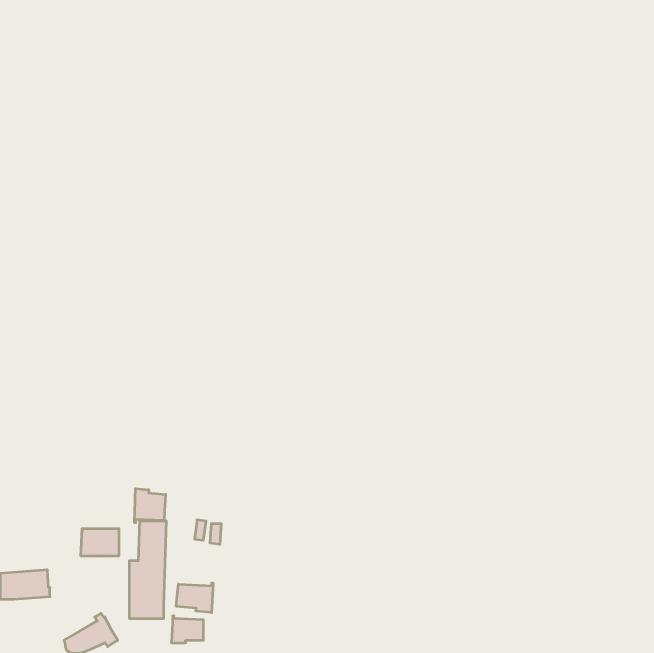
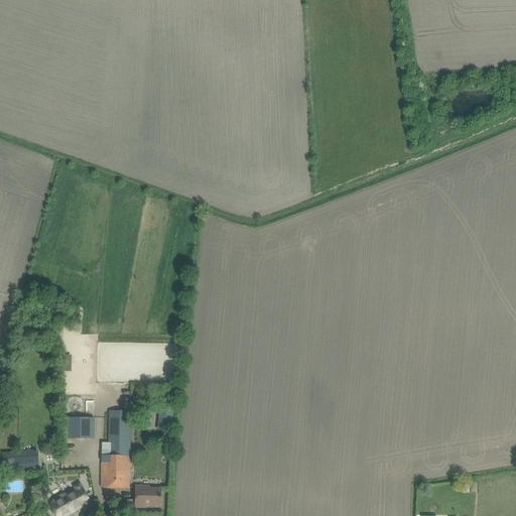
building: [135,489,166,523] -> none
building: [176,583,213,613] -> none

